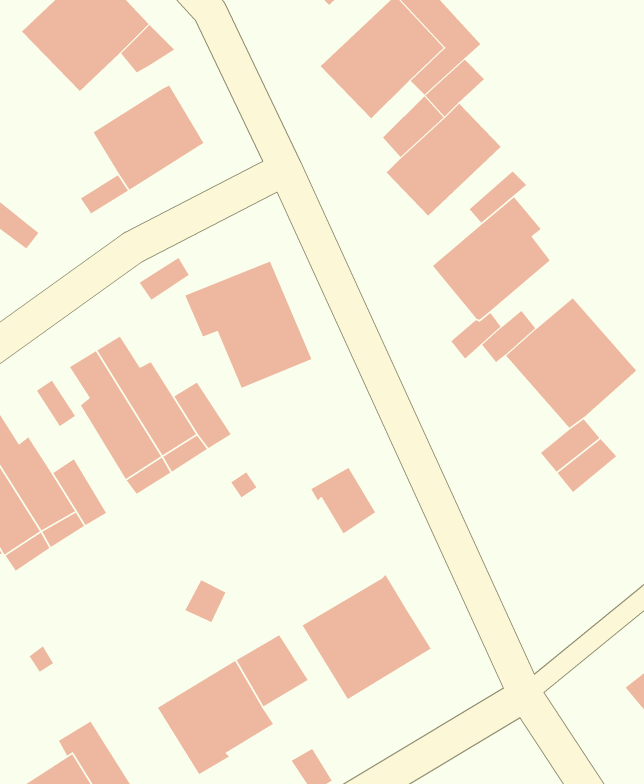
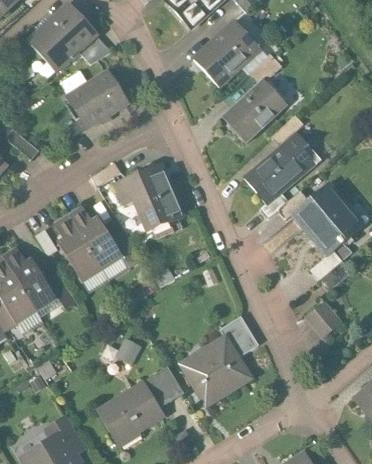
building: [310,467,376,535] -> [219,319,255,356]
building: none -> [304,302,340,338]

